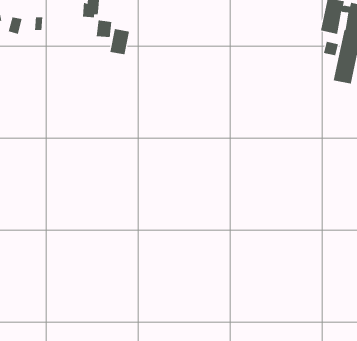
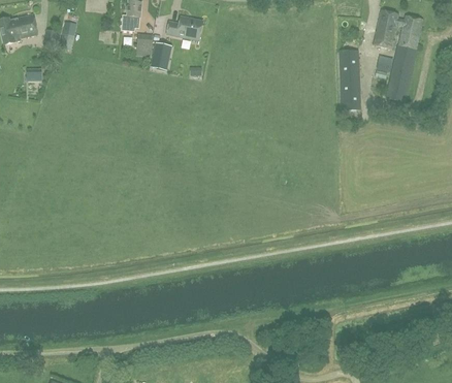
building: none -> [166,15,202,37]
building: none -> [338,49,359,108]

